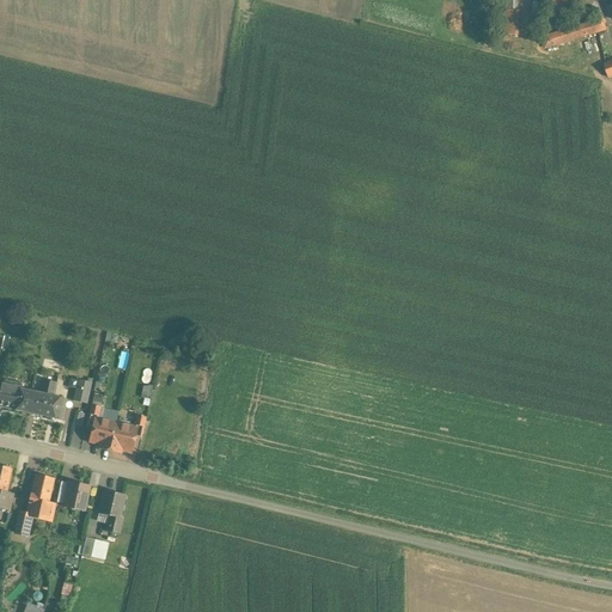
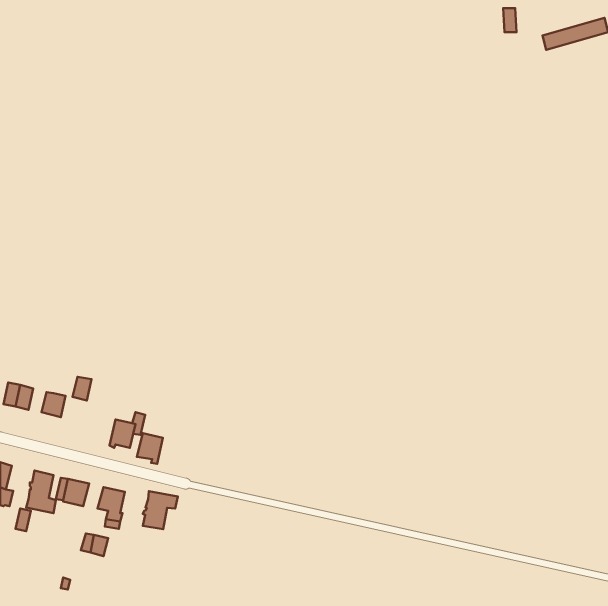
building: [29,379,56,415] -> none
building: [90,417,116,448] -> [137,433,163,464]
building: none -> [143,491,178,529]

